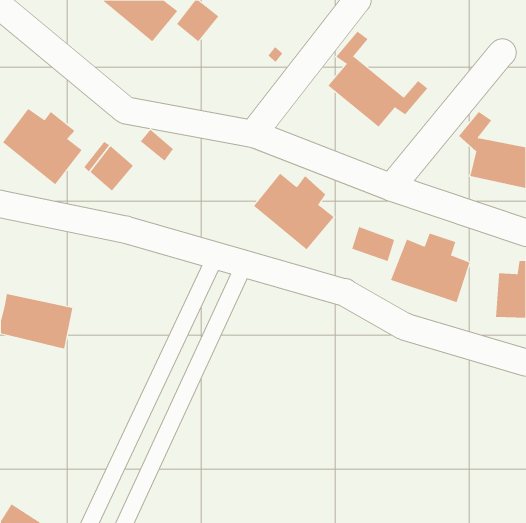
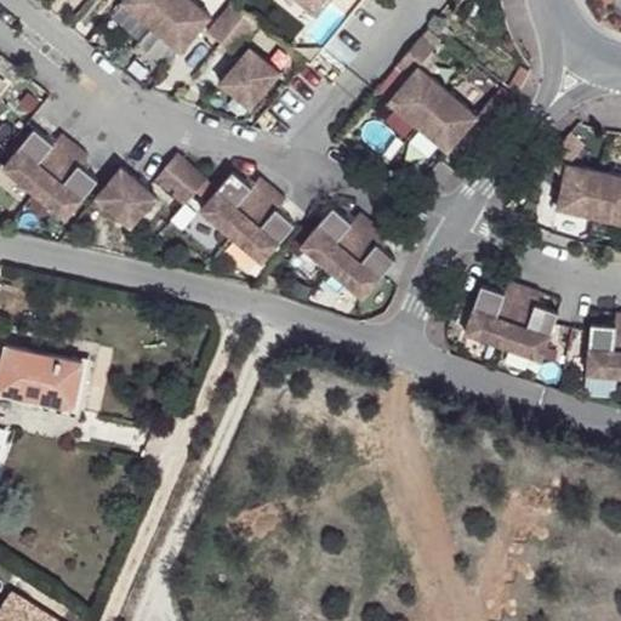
building: none -> [218,47,279,109]
building: none -> [199,171,296,264]
building: [352,226,395,262] -> none

